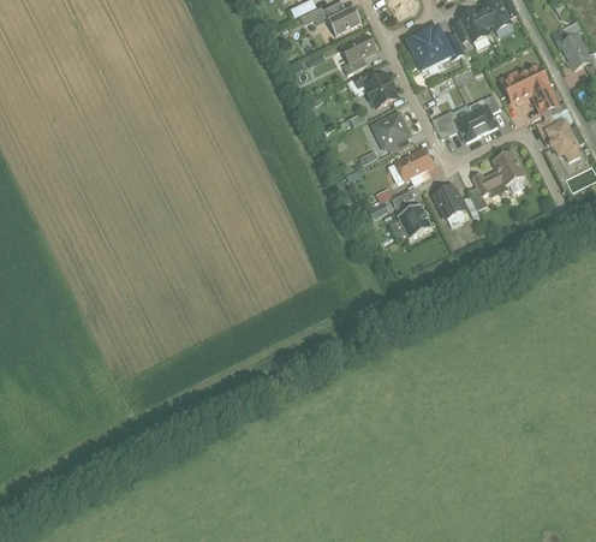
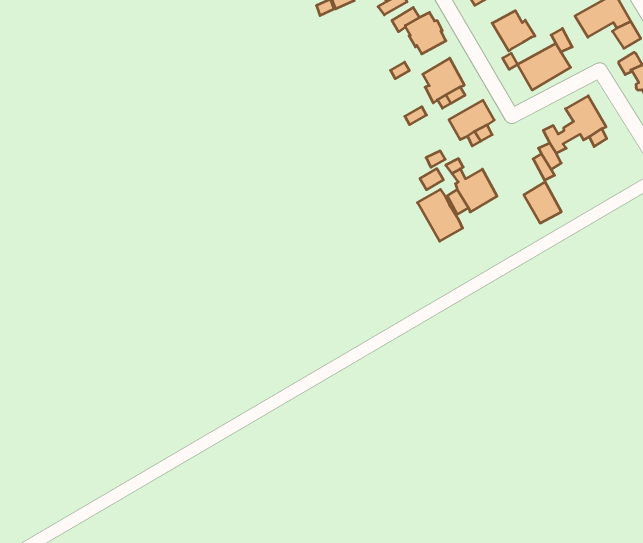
building: none -> [492,11,535,51]
building: [434,184,464,218] -> [524,182,561,223]
building: none -> [417,189,463,241]

